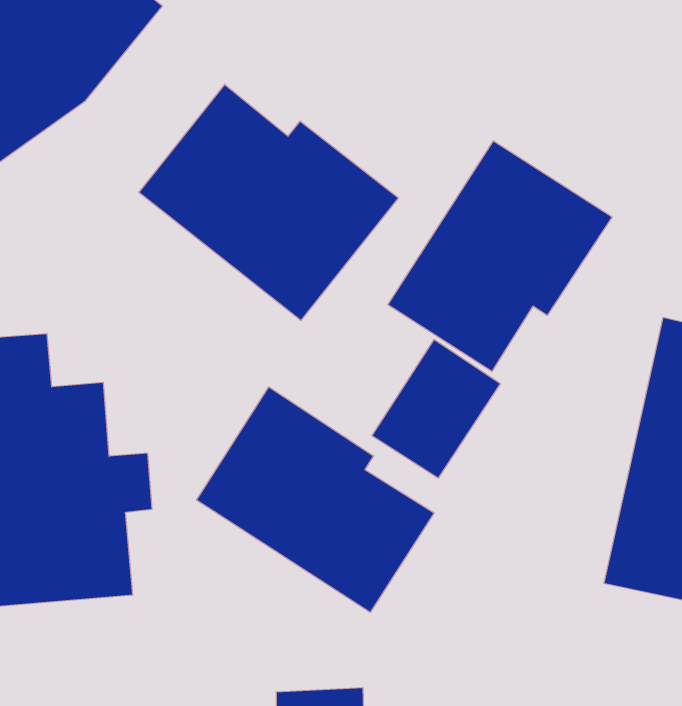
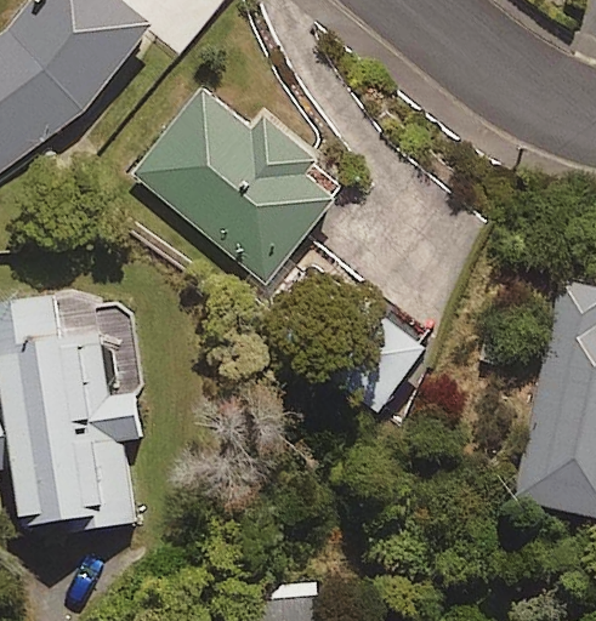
building: [388,141,612,372] -> none
building: [196,387,434,612] -> none

